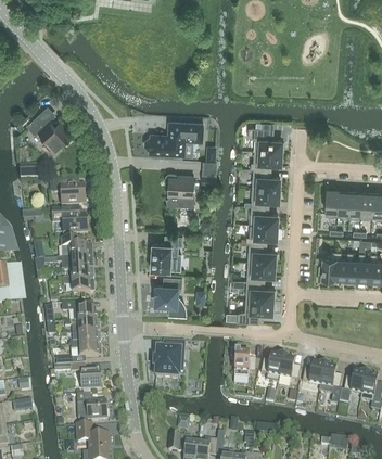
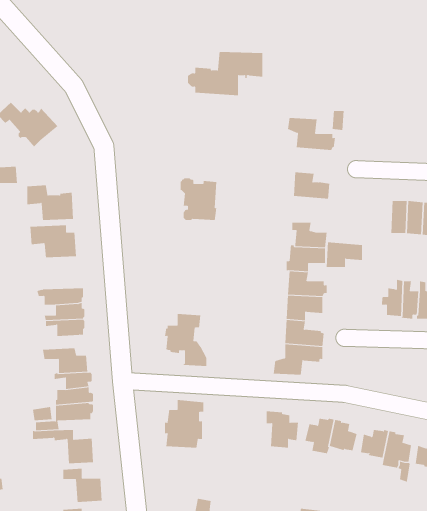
building: [145,119,203,153] -> [187,51,263,96]
building: [251,149,281,168] -> none
building: [251,186,279,205] -> [326,242,363,268]
building: [151,233,182,268] -> none
building: [62,237,93,256] -> none

